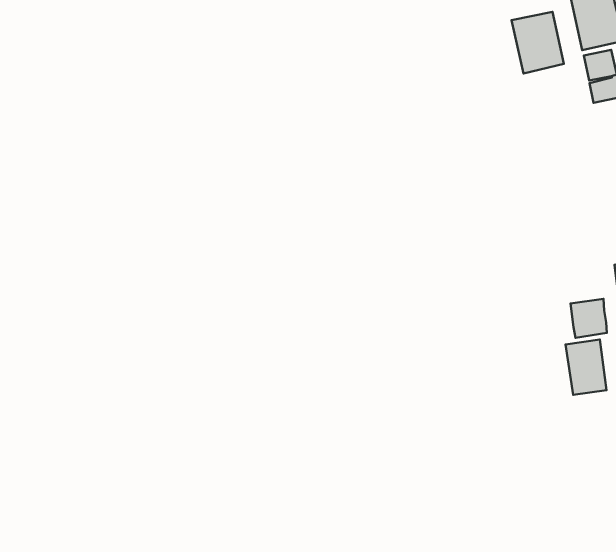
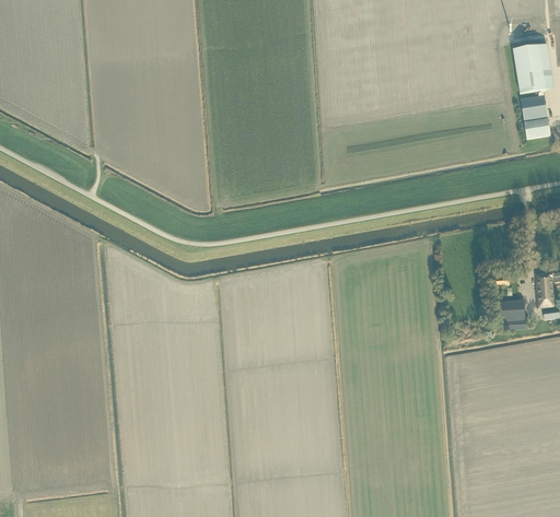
building: [511,12,564,74] -> none
building: [565,340,607,395] -> none

